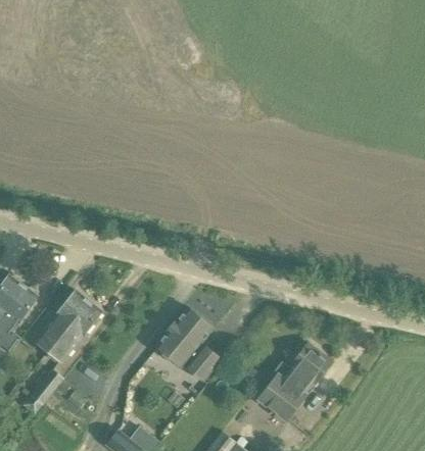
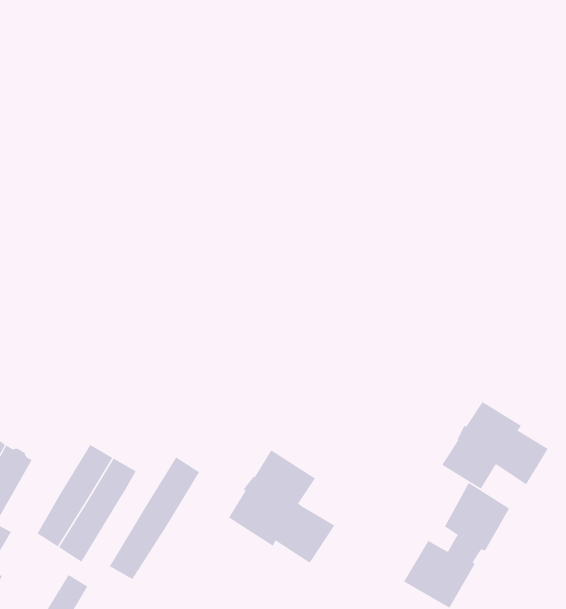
building: none -> [441,401,548,490]
building: none -> [109,457,200,580]

